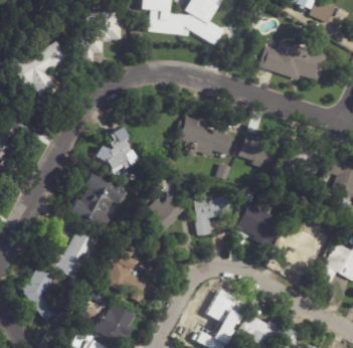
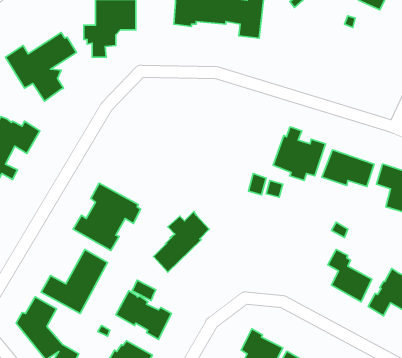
building: [257,36,325,78] -> none
building: [178,114,231,157] -> none
building: [93,126,138,173] -> none
building: [194,194,230,235] -> none
building: [243,205,284,245] -> none

